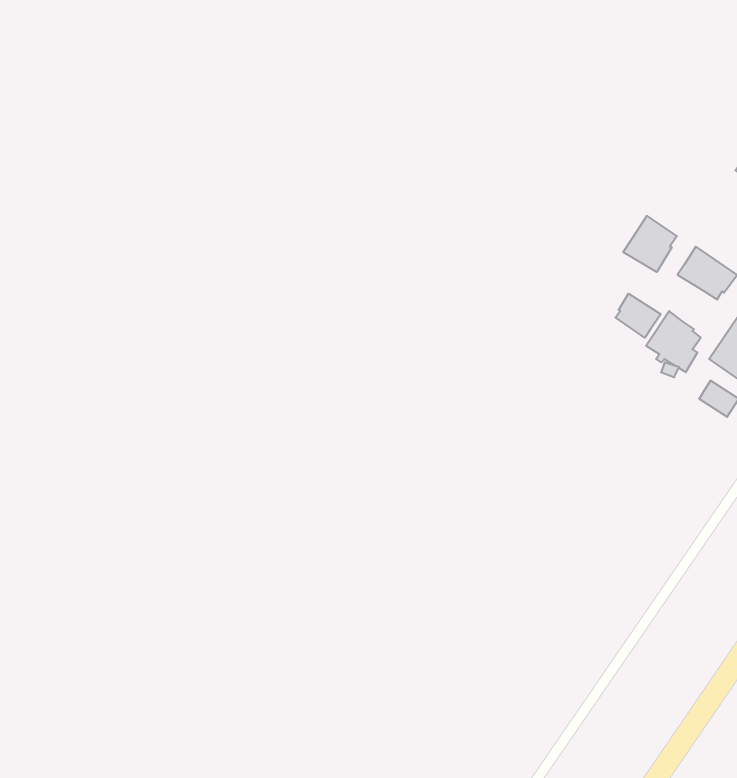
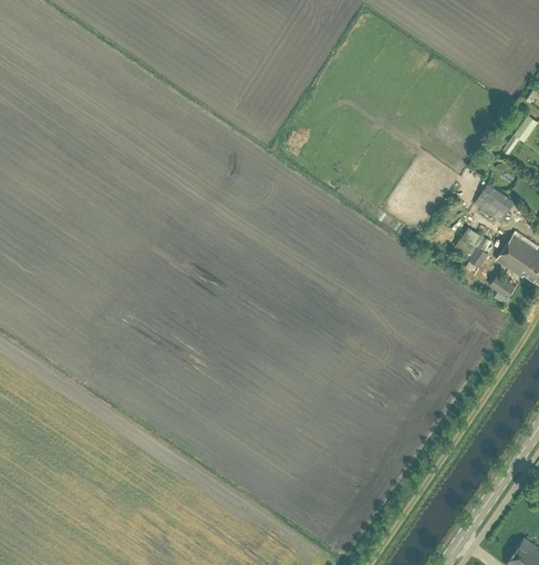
building: [623,216,677,272] -> none
building: [615,294,661,338] -> none

